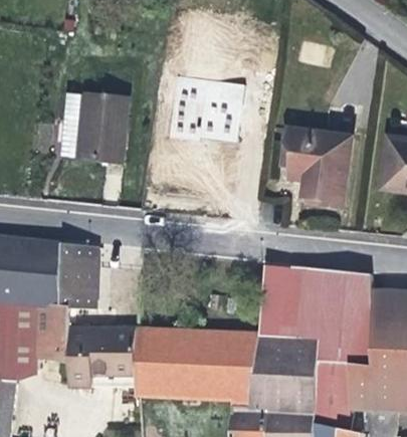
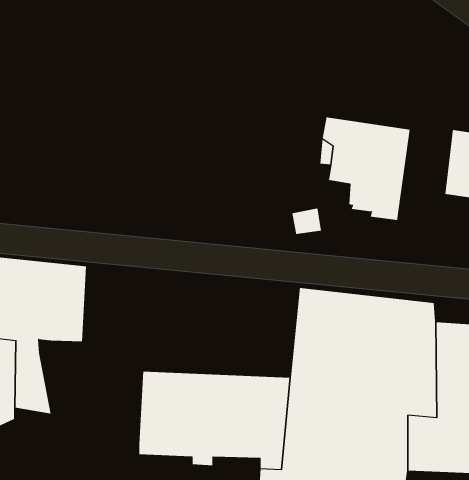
building: [169,73,243,142] -> none
building: [64,92,127,163] -> none
building: [58,303,141,387] -> none

